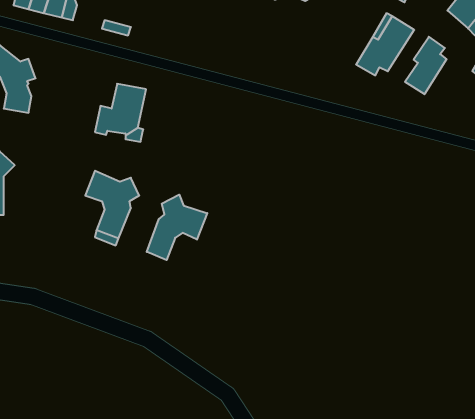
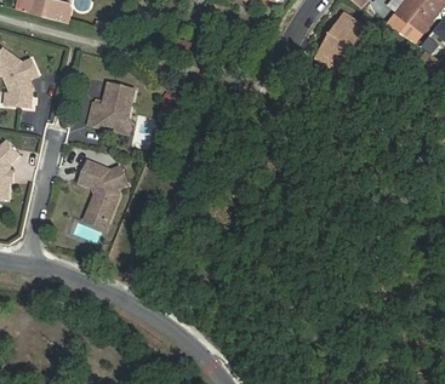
building: [405,37,447,94] -> none
building: [147,195,207,260] -> none

